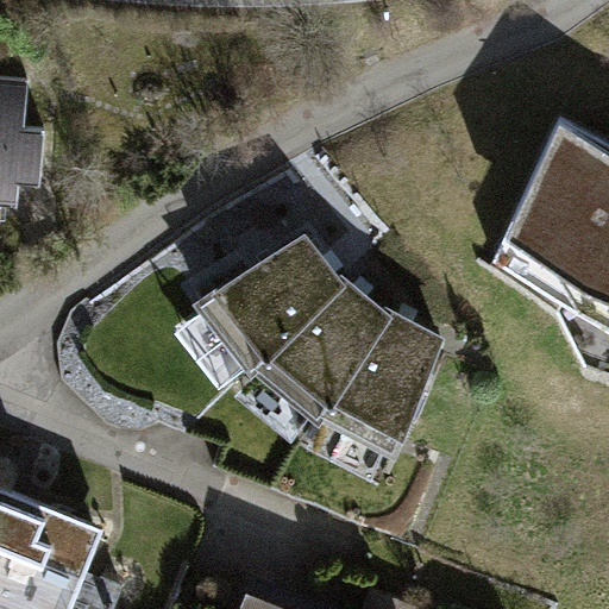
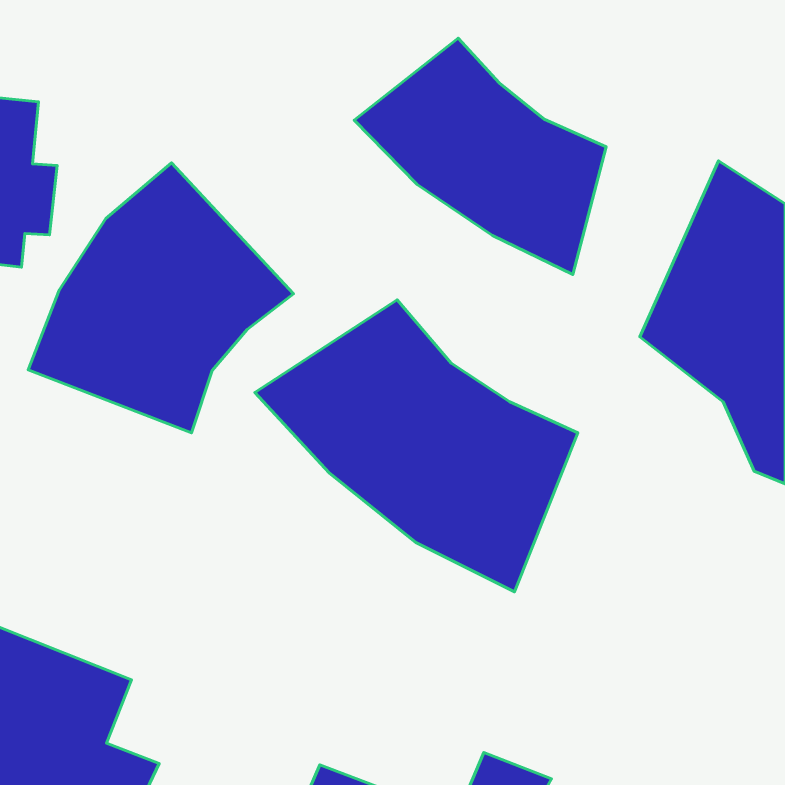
building: none -> [354,38,606,274]
building: none -> [28,163,294,433]

